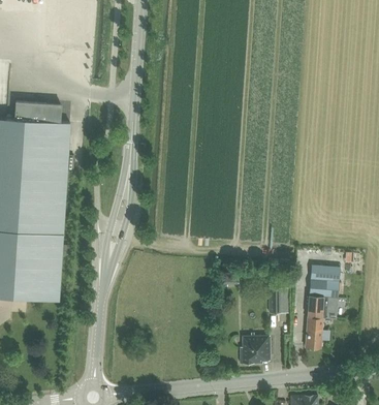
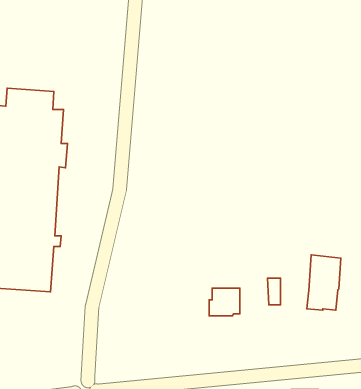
building: [305,317,322,349] -> none
building: [240,336,270,363] -> [209,288,240,316]

